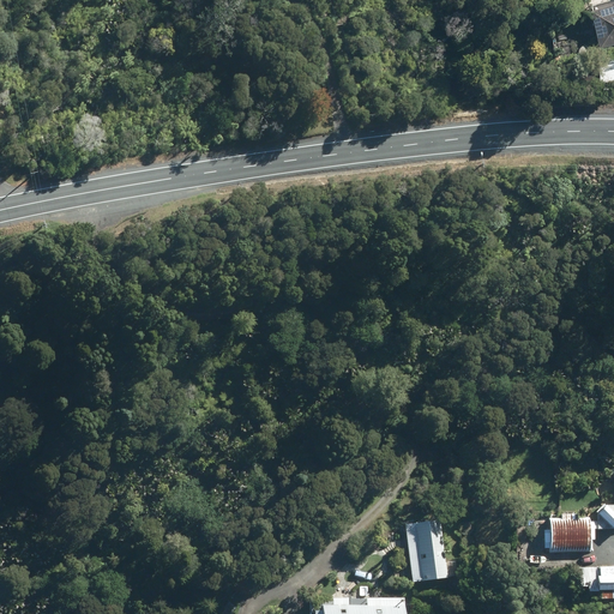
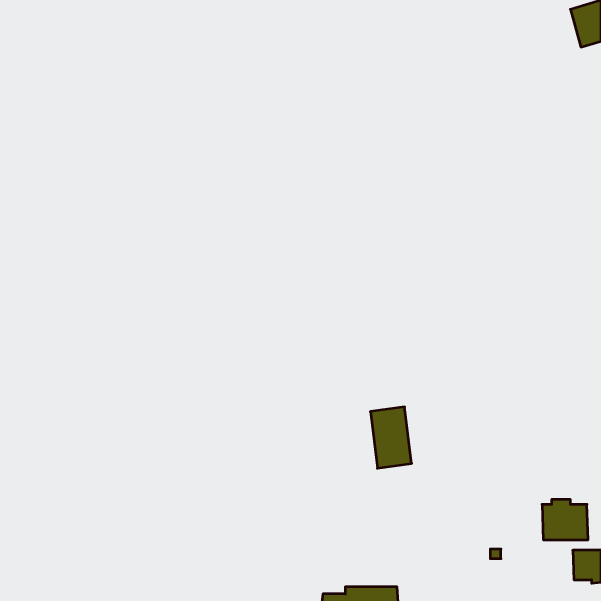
building: [407,520,449,583] -> [370,407,412,468]

